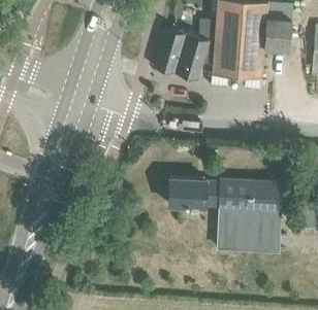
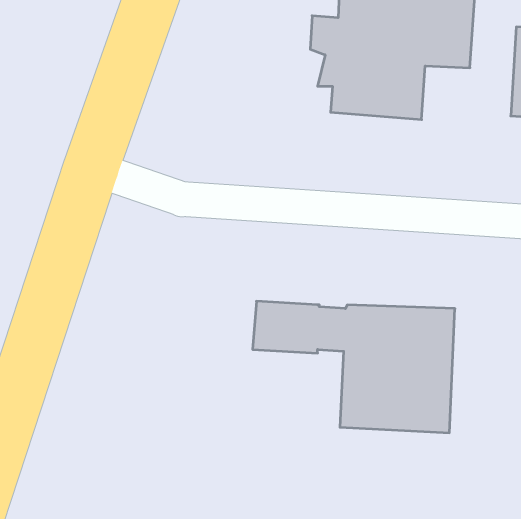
building: [153,28,209,79] -> none

